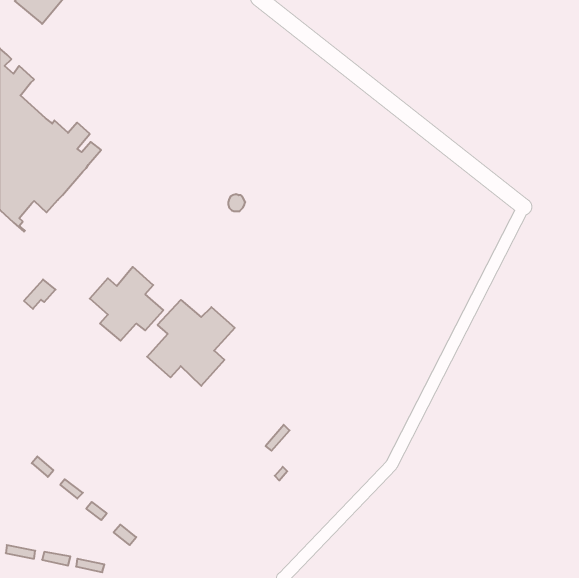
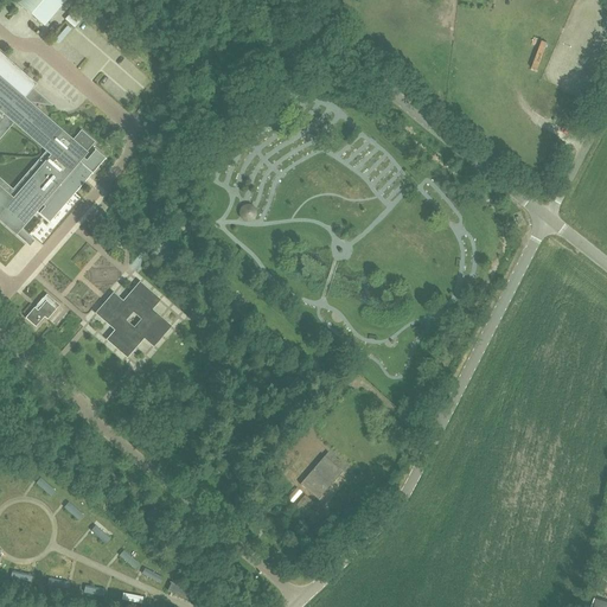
building: [147,300,235,386] -> none
building: none -> [299,454,340,498]

